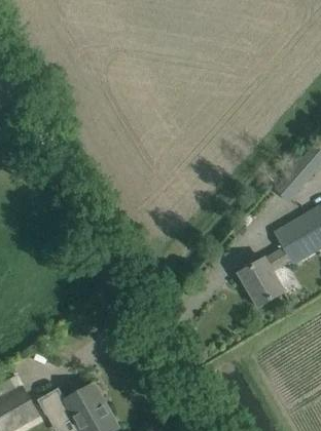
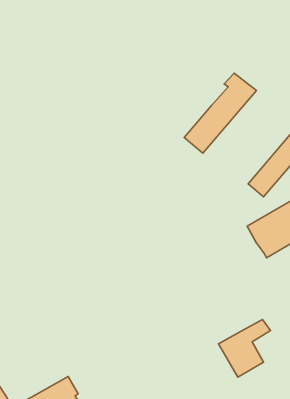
building: none -> [184,73,256,153]
building: [239,247,291,306] -> [219,319,271,377]

